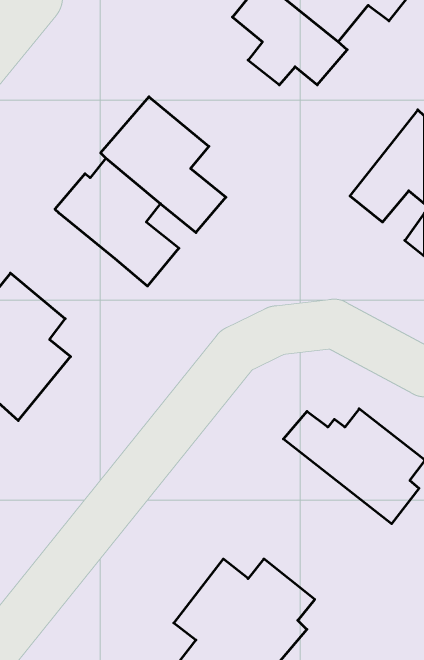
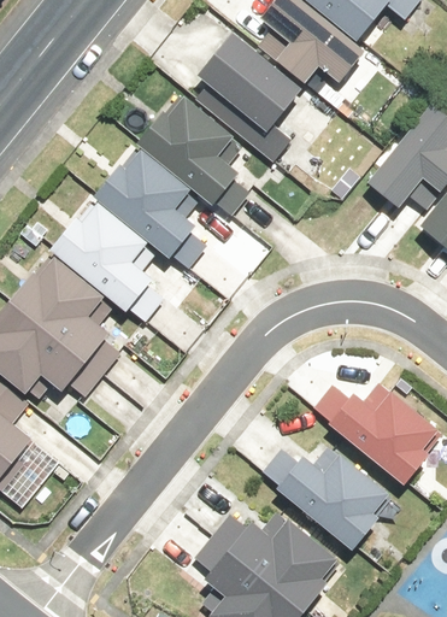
building: none -> [182,31,302,165]
building: none -> [49,200,165,322]
building: none -> [276,453,389,551]

